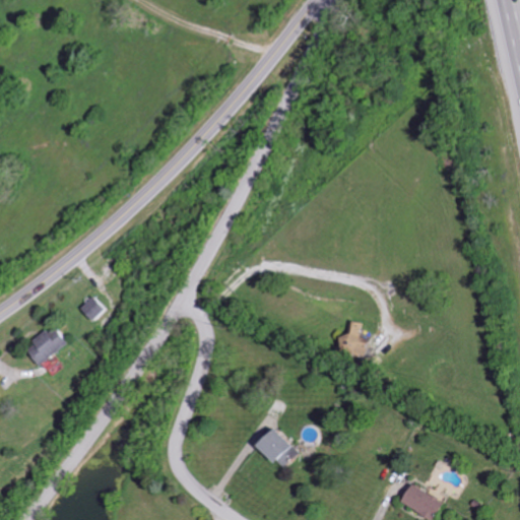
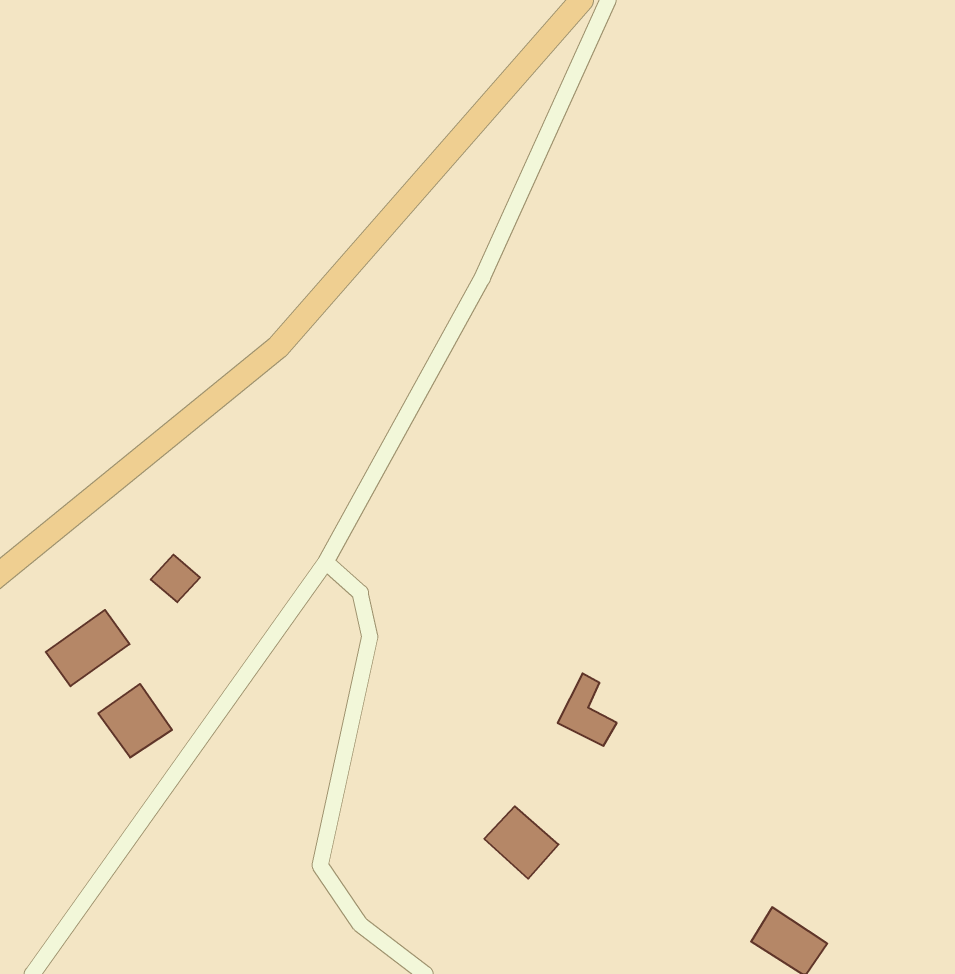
building: [333,319,365,358] -> [558,673,617,746]
building: none -> [98,684,172,758]

